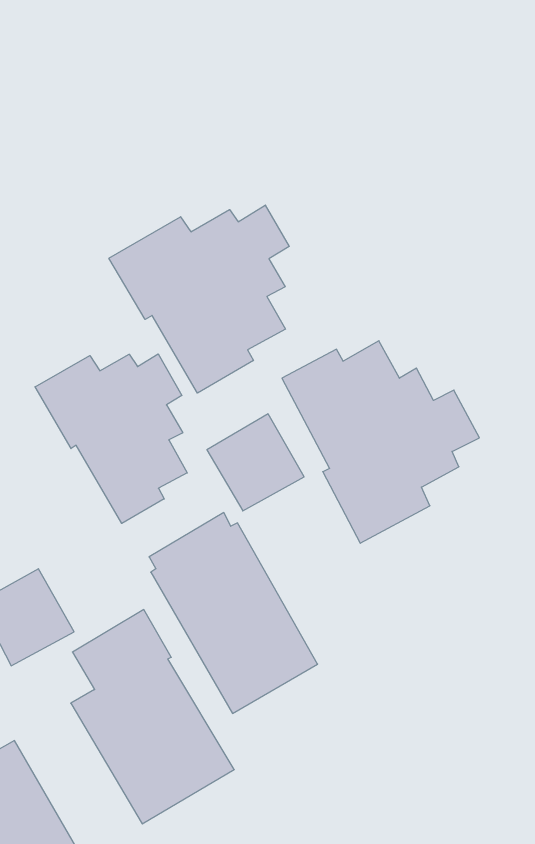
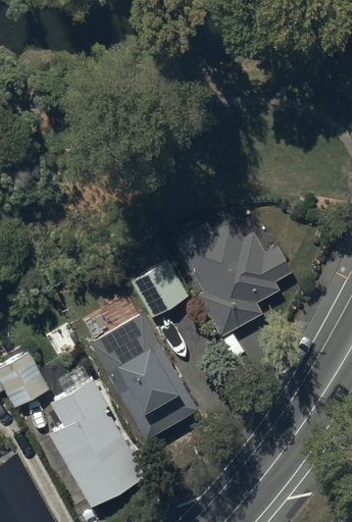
building: [109,205,289,393] -> none
building: [35,354,187,523] -> none

